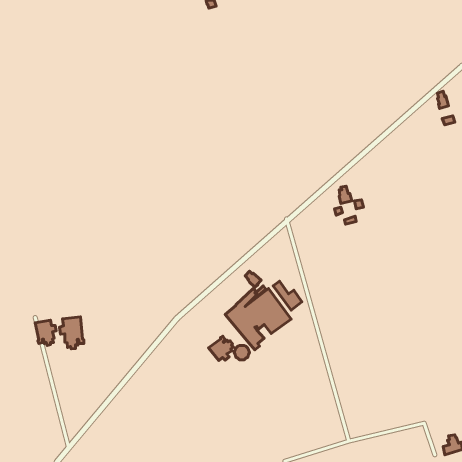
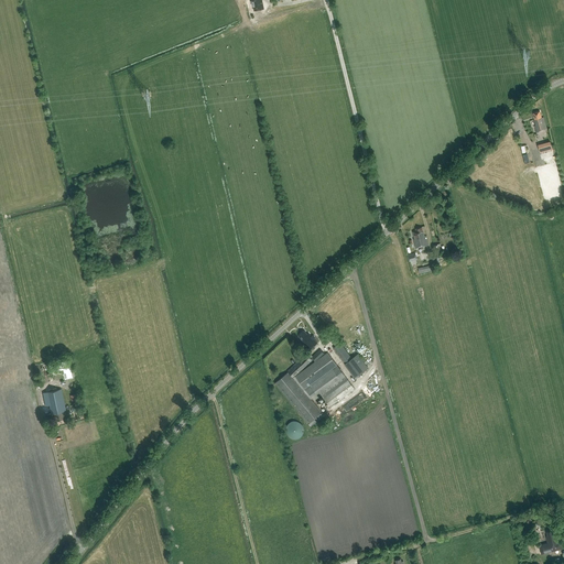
building: [59,317,84,349] -> none
building: [208,336,234,361] -> none

